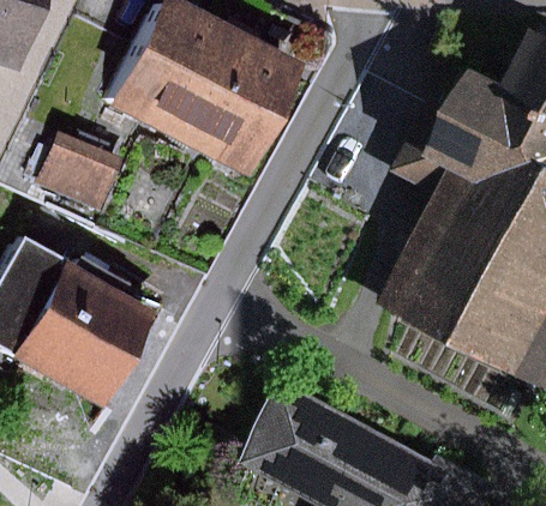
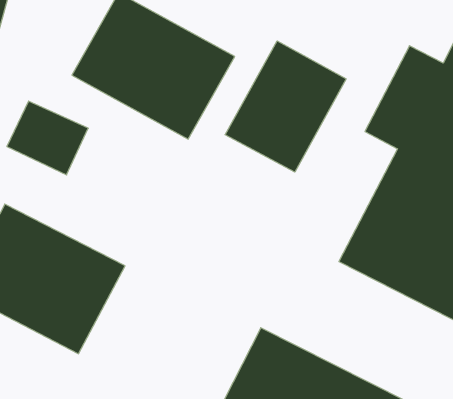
building: none -> [225,41,346,172]

